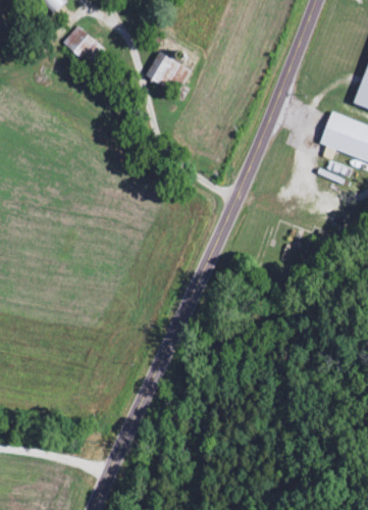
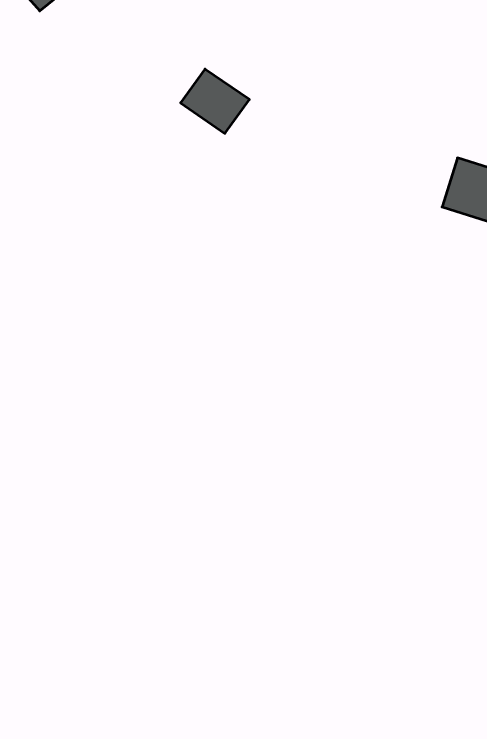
building: [63,26,103,65] -> none

